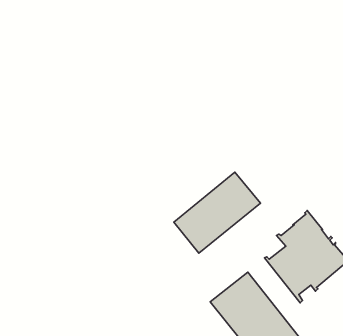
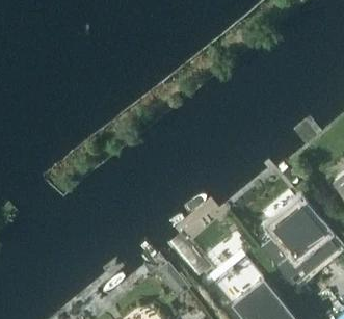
building: [174,172,261,253] -> none

